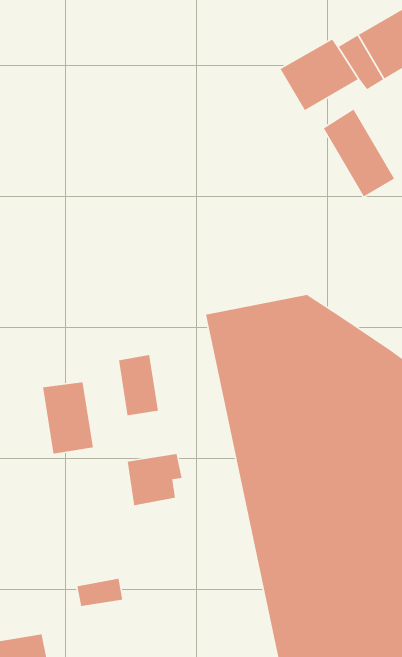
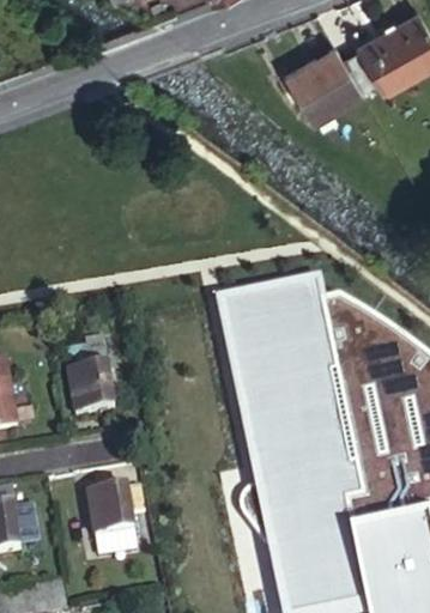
building: [323,108,395,197] -> none
building: [118,354,159,416] -> none
building: [127,453,182,506] -> [95,494,145,542]

